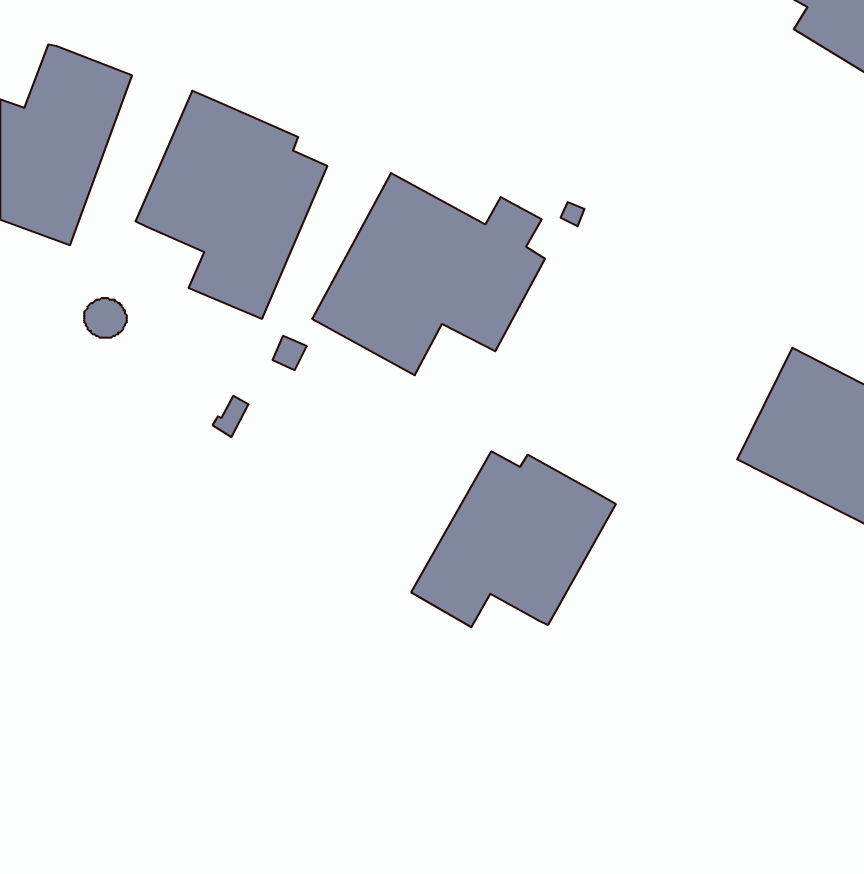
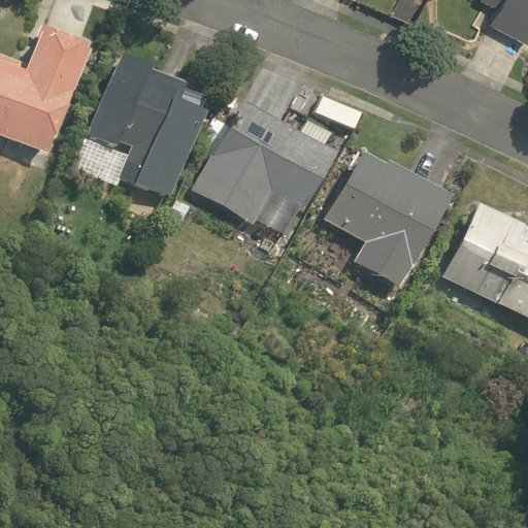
building: none -> [325,153,453,289]
building: [411,451,616,627] -> none

